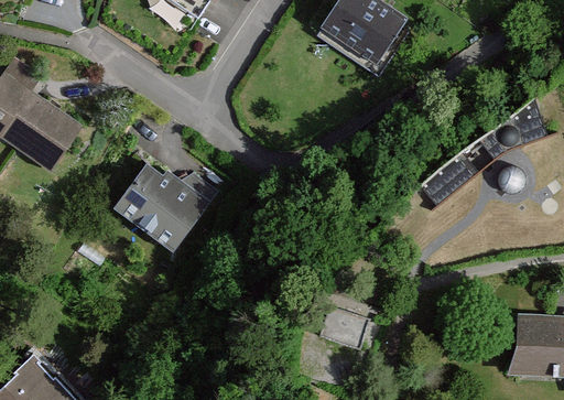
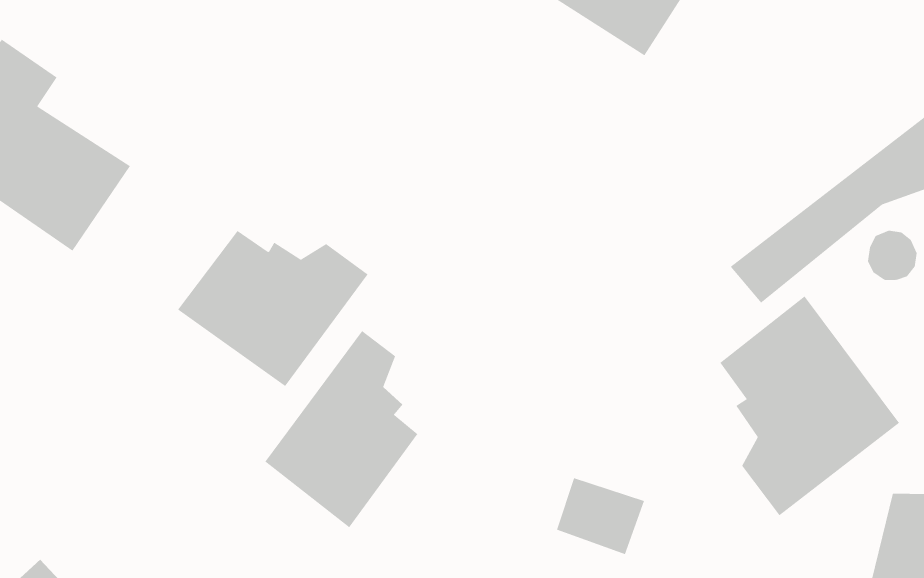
building: none -> [720,296,900,516]
building: none -> [265,330,418,528]

